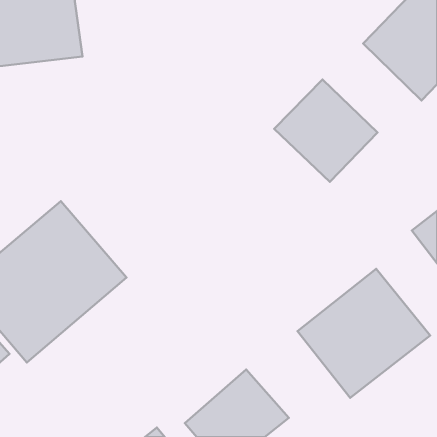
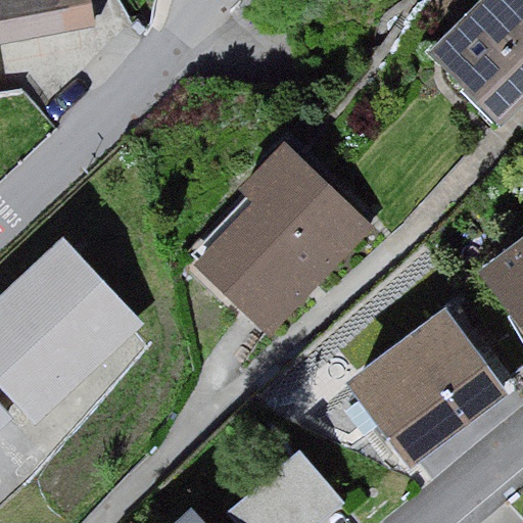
building: [274,80,377,182] -> none
building: none -> [187,151,368,332]

